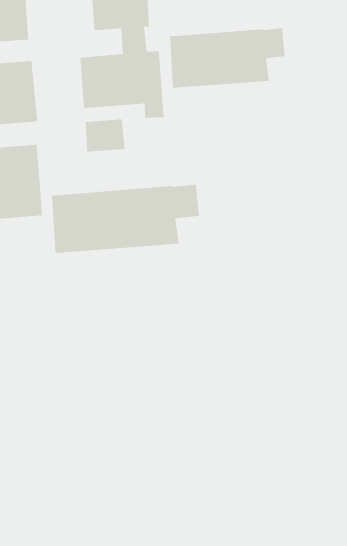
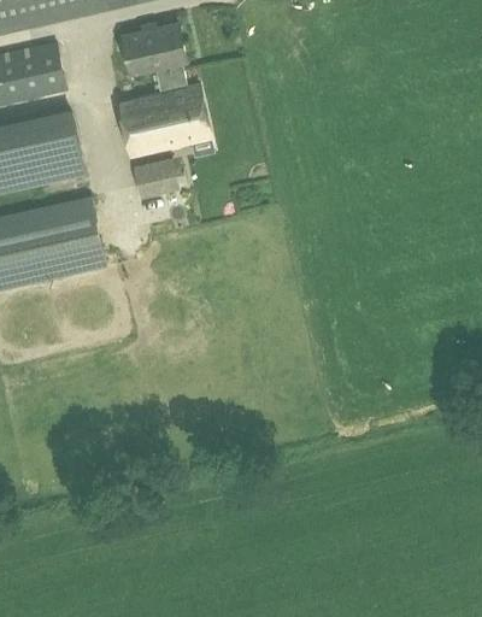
building: [169,28,285,88] -> none
building: [51,184,199,254] -> none

